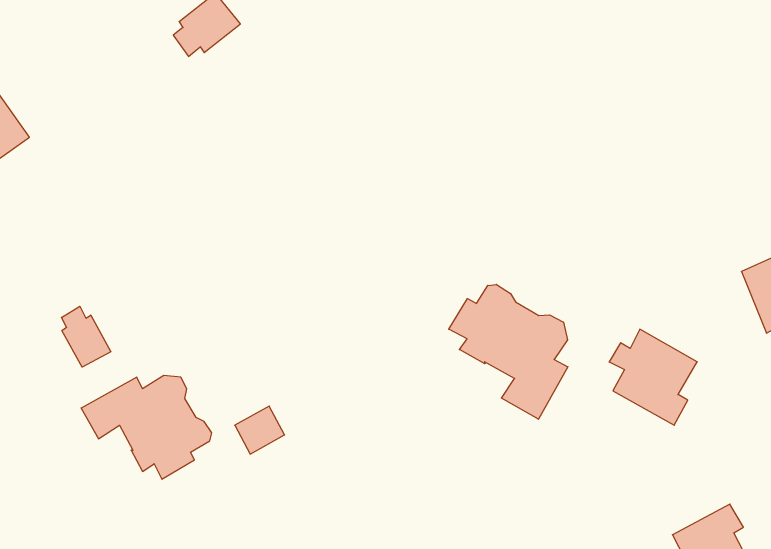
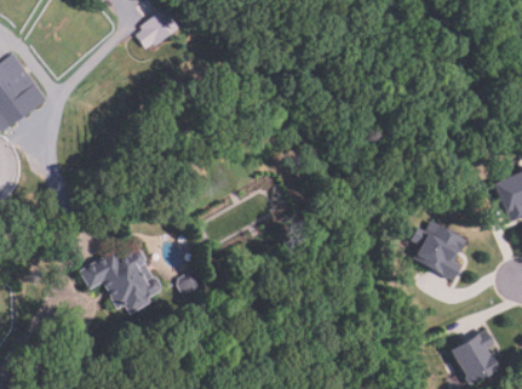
building: [449,284,568,419] -> none
building: [61,306,111,367] -> none

